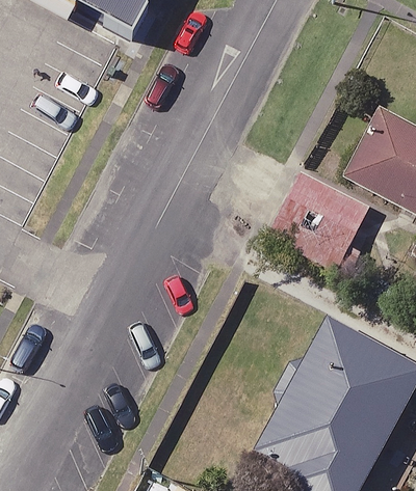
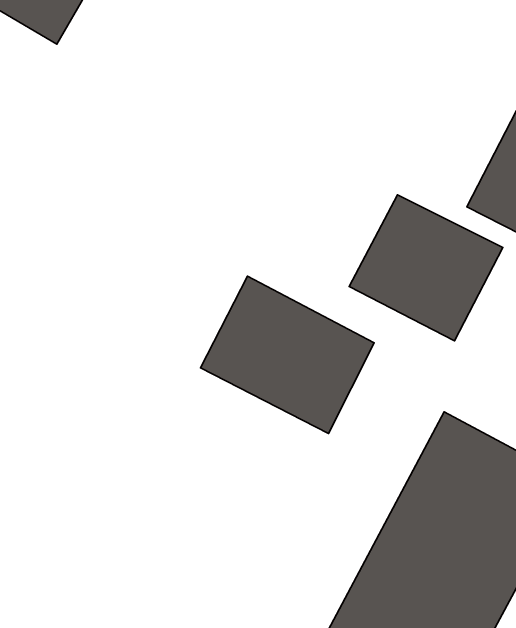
building: none -> [201,276,374,434]

